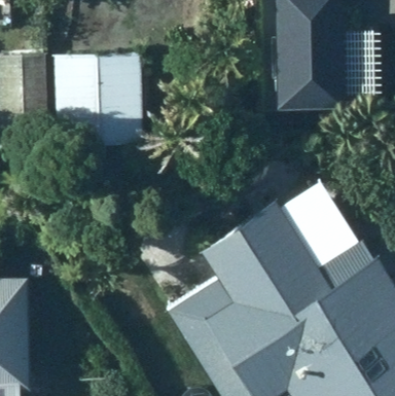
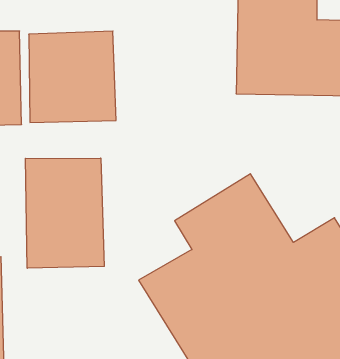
building: none -> [25,158,104,268]

